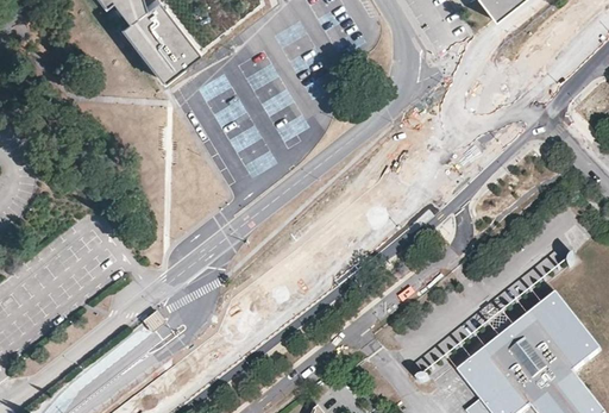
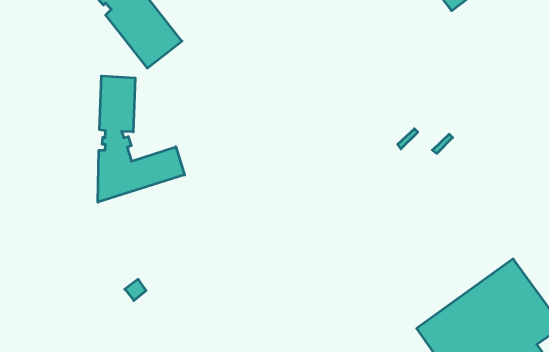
building: none -> [98,76,185,202]

